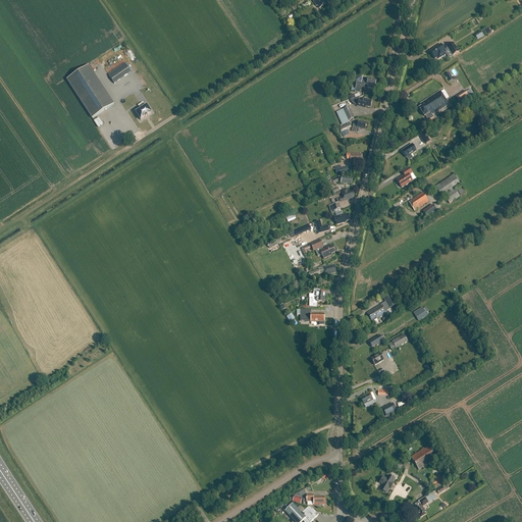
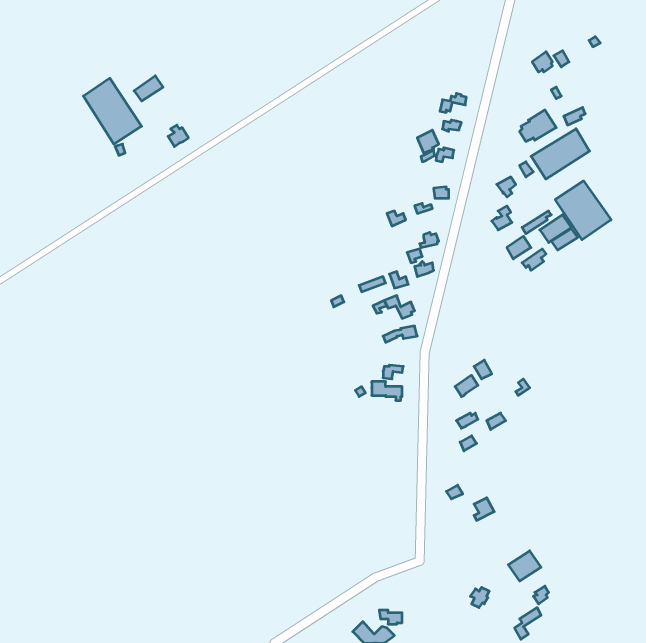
building: none -> [531,129,590,179]
building: none -> [555,181,611,240]

